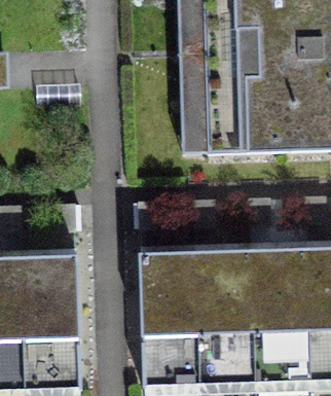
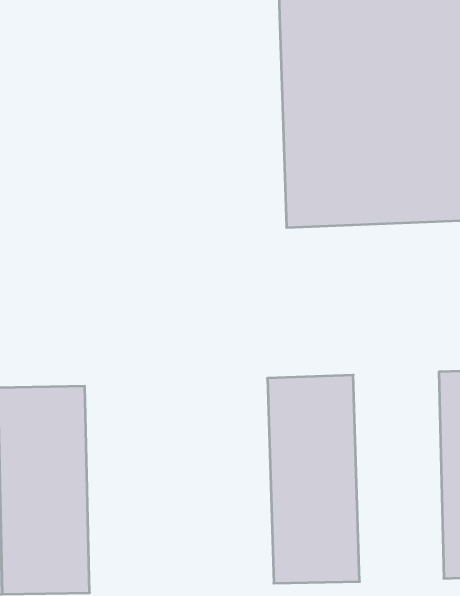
building: [252,248,310,384] -> none
building: [139,252,200,387] -> none

